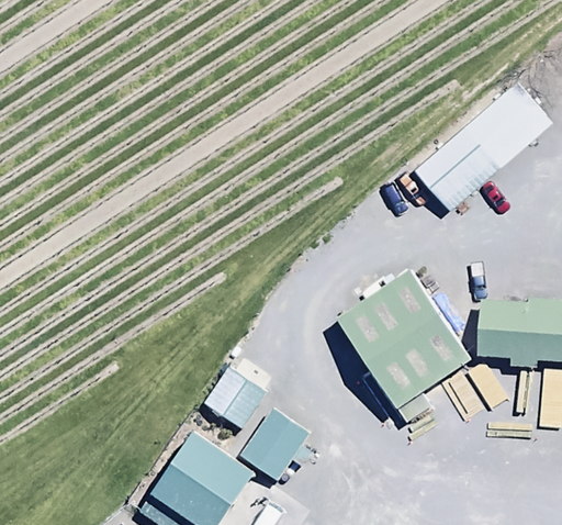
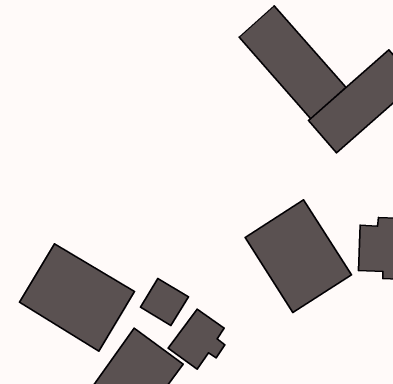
building: none -> [239,6,346,119]
building: none -> [19,244,134,351]

